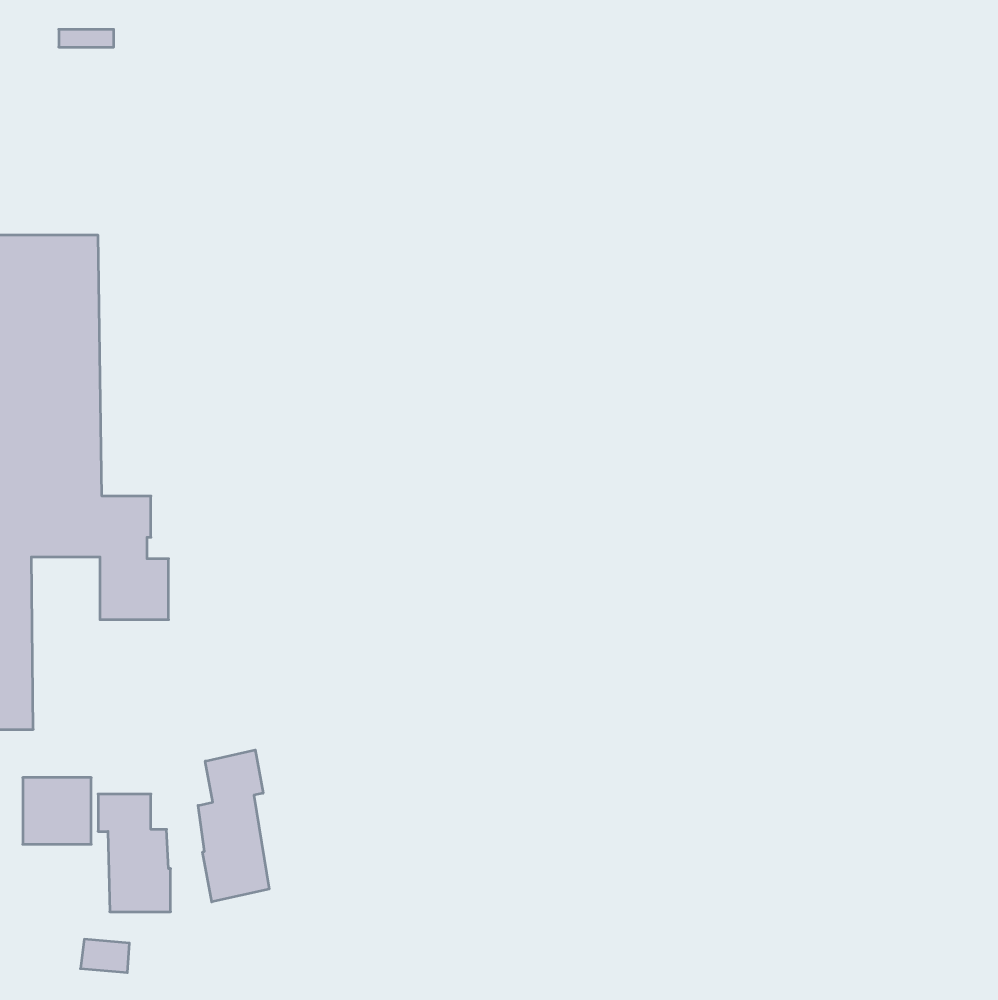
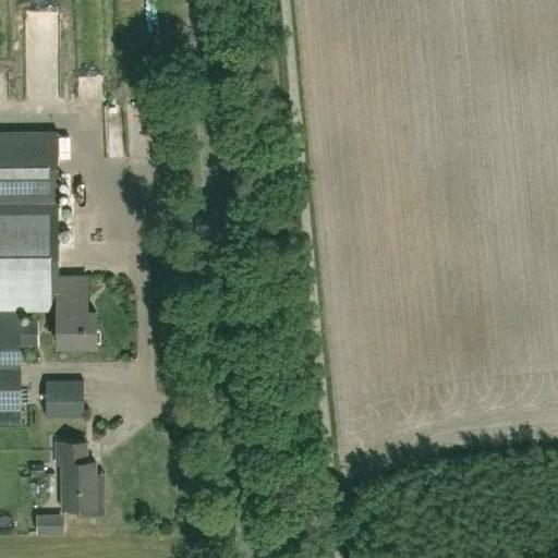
building: [198,750,269,902] -> none
building: [23,778,91,844] -> [44,380,82,417]

